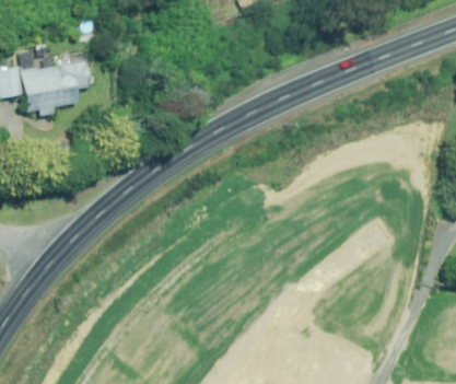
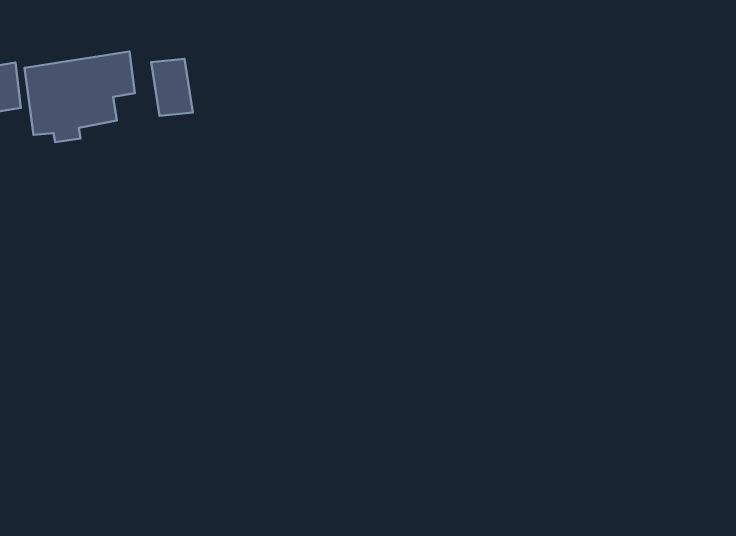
building: none -> [151,59,193,116]

